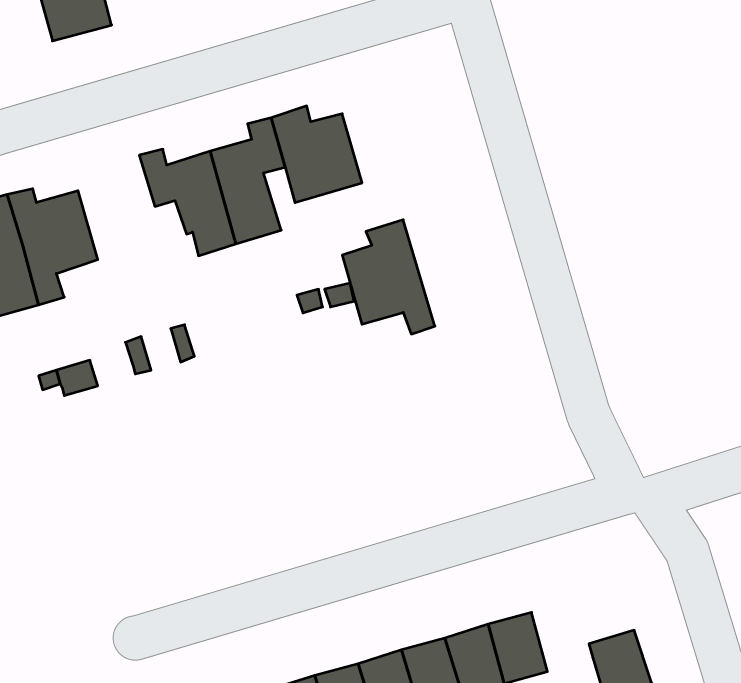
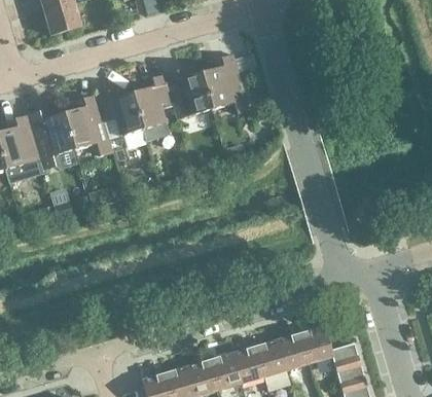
building: none -> [64,95,113,155]
building: [342,220,435,334] -> [202,55,250,114]
building: none -> [300,326,332,364]

